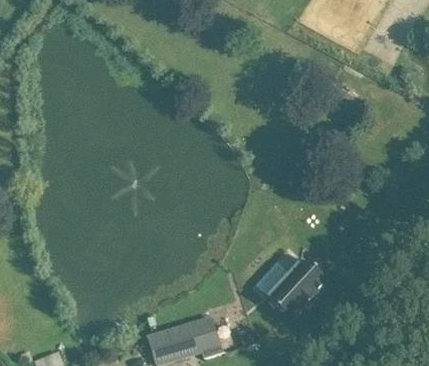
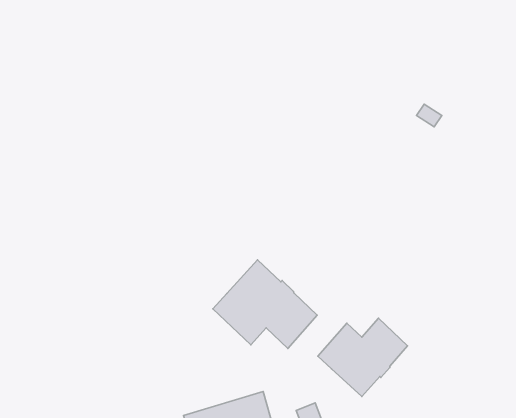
building: none -> [213,260,317,349]

